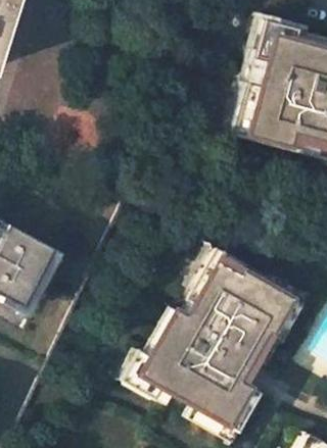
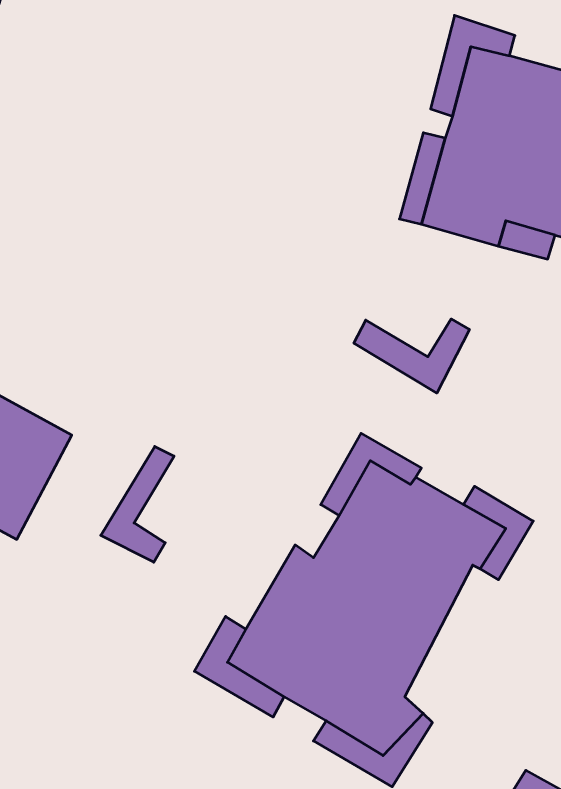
building: none -> [354,319,469,393]
building: none -> [101,446,174,562]

